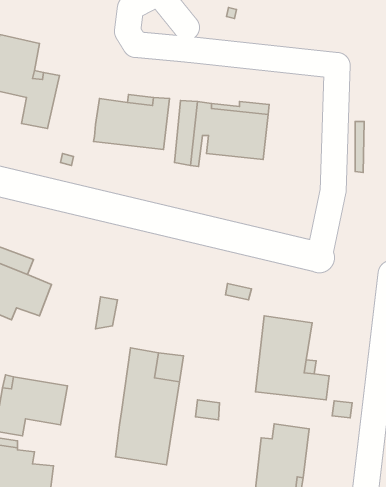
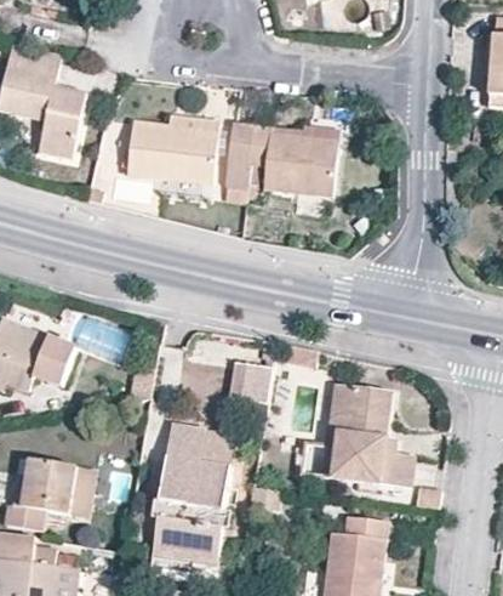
building: none -> [228,362,270,403]

